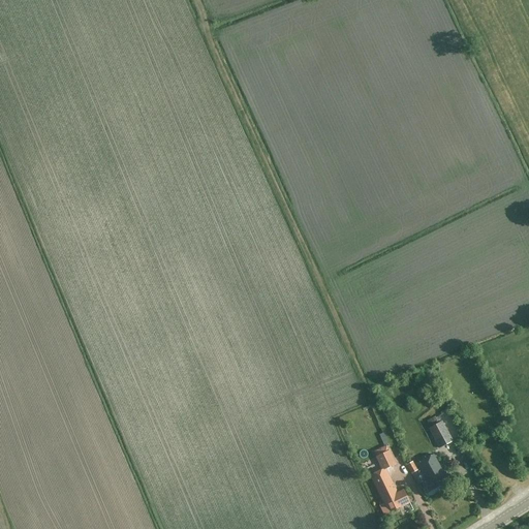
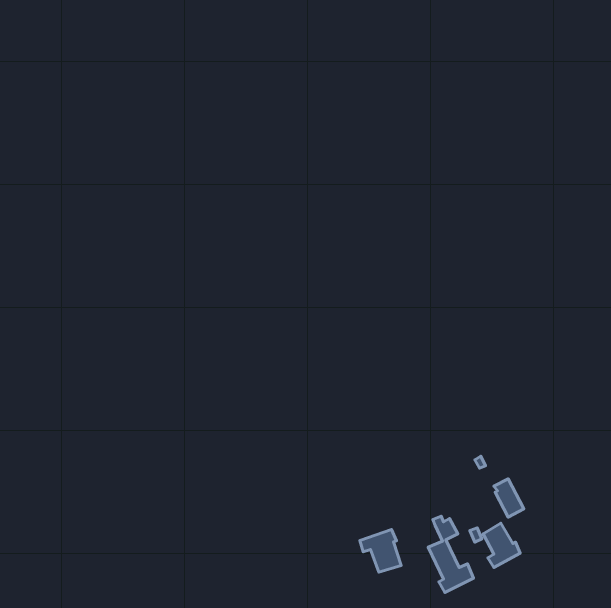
building: none -> [360,529,401,572]

